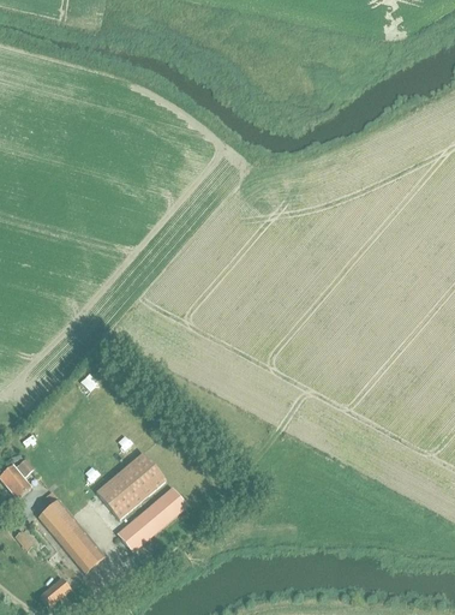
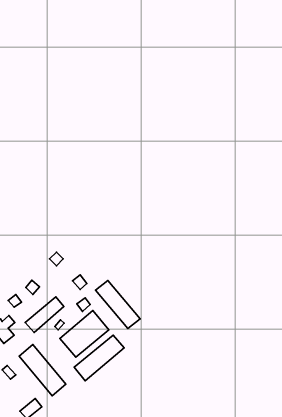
building: none -> [95,281,140,329]
building: none -> [25,297,64,333]

